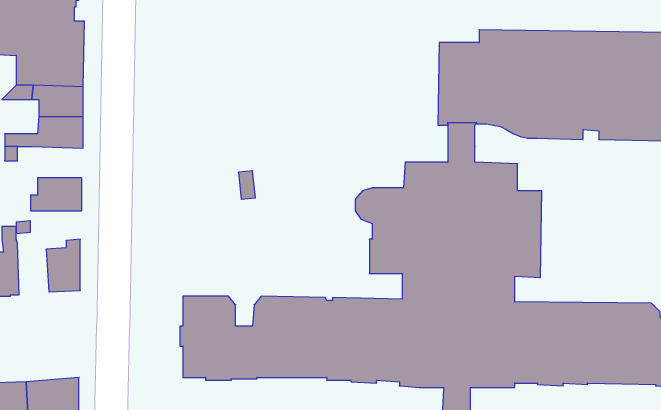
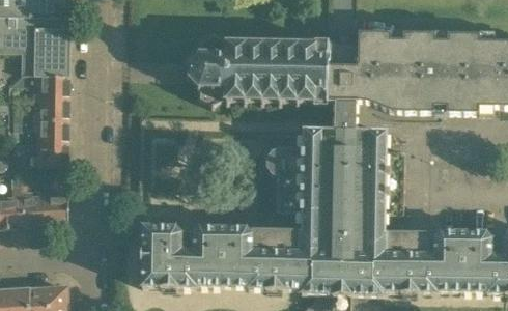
building: none -> [186,31,328,105]
building: none -> [31,116,68,139]
building: none -> [21,187,44,224]

